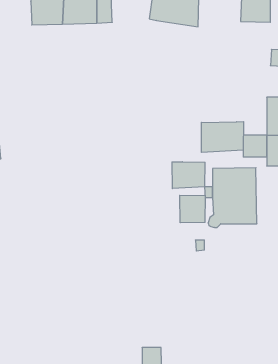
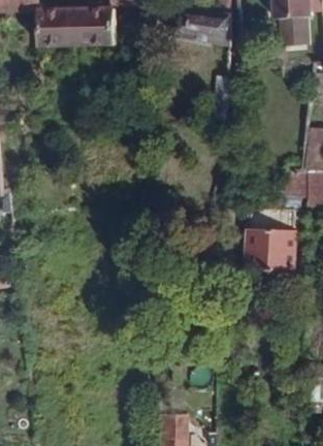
building: [201,122,243,152] -> none
building: [172,162,205,189] -> none
building: [180,195,205,223] -> none

